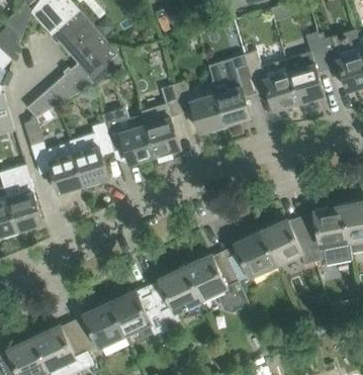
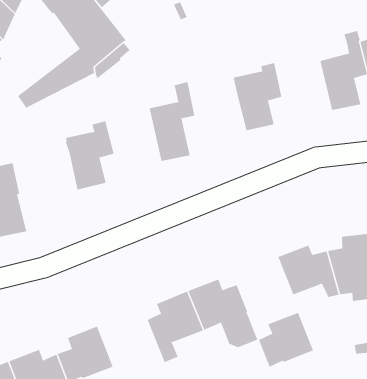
building: [245,52,299,110] -> none
building: [174,82,226,132] -> none
building: [102,107,155,164] -> none
building: [31,143,84,193] -> none
building: [228,231,276,281] -> [258,312,314,367]
building: [109,289,169,336] -> none

